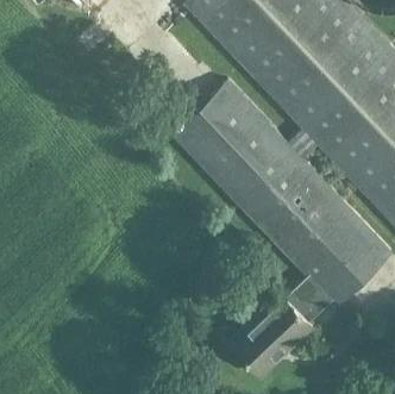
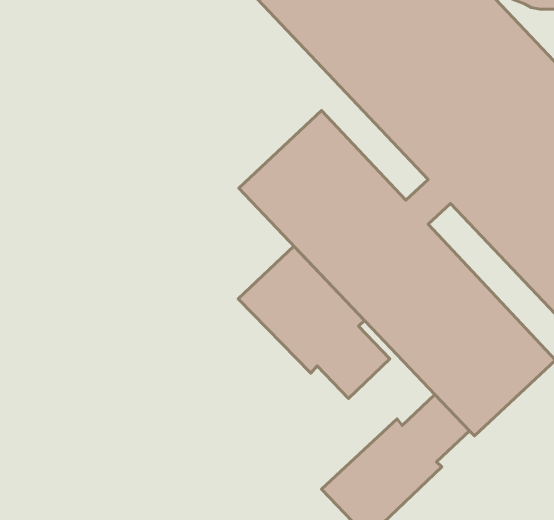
building: none -> [238,246,390,398]

